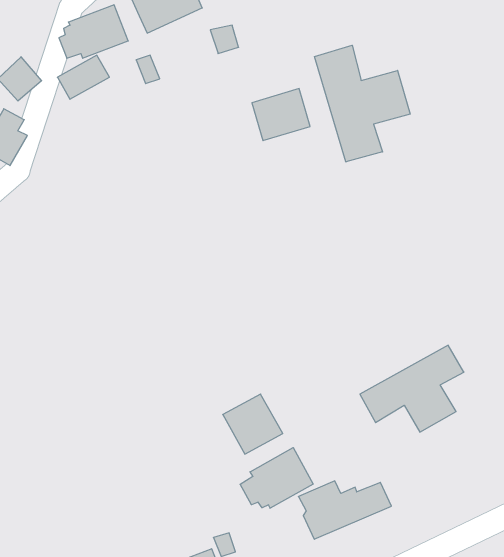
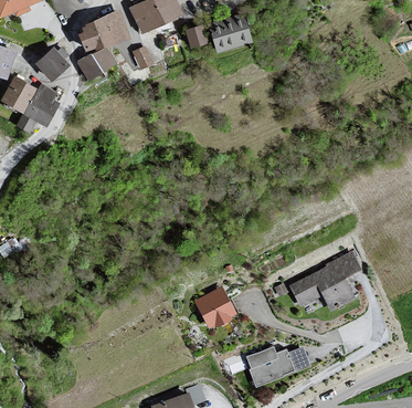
building: [314,45,410,162] -> none
building: [252,89,310,141] -> [210,14,251,51]
building: [240,448,313,508] -> none

